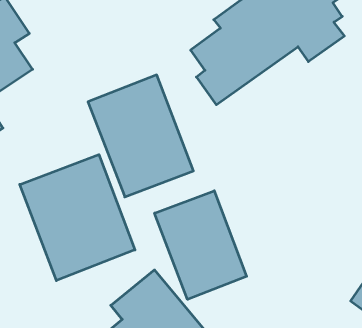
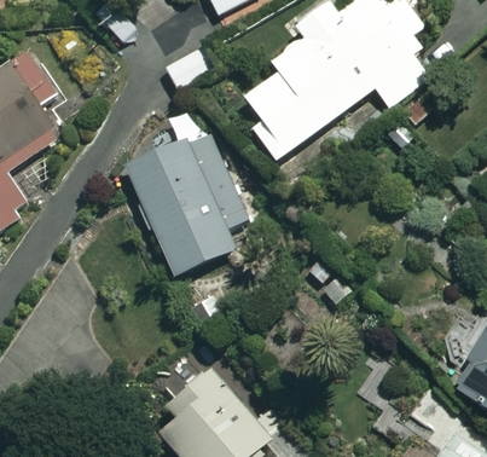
building: [20,155,135,281] -> none
building: [155,191,247,299] -> none

